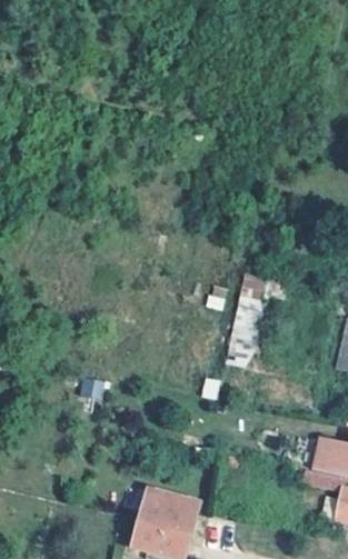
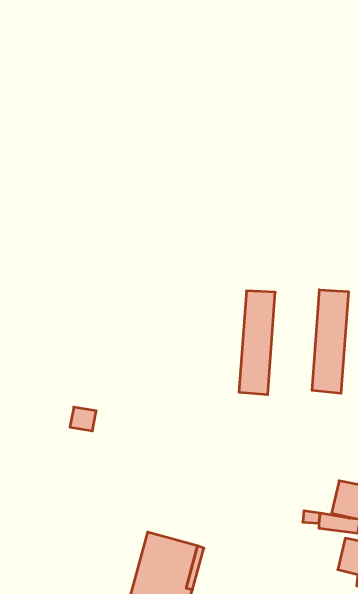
building: none -> [312,290,348,393]

